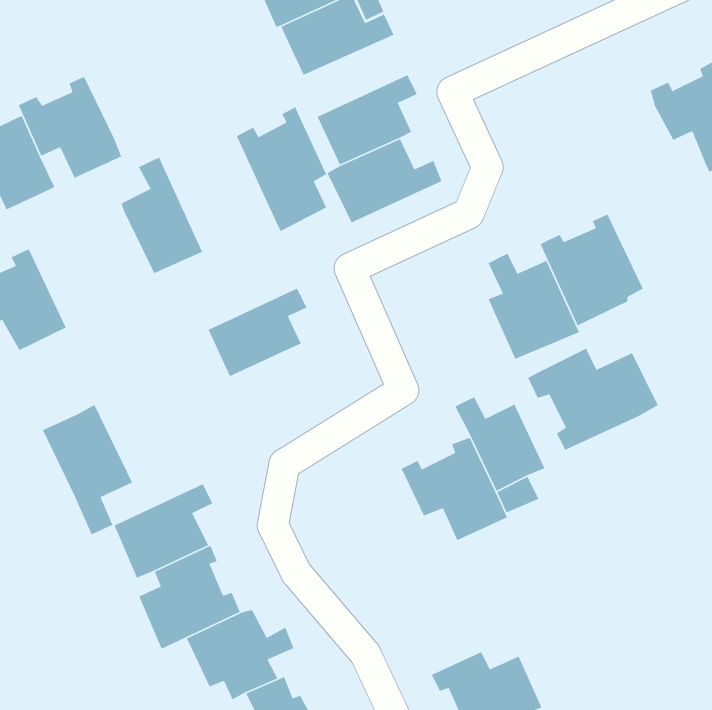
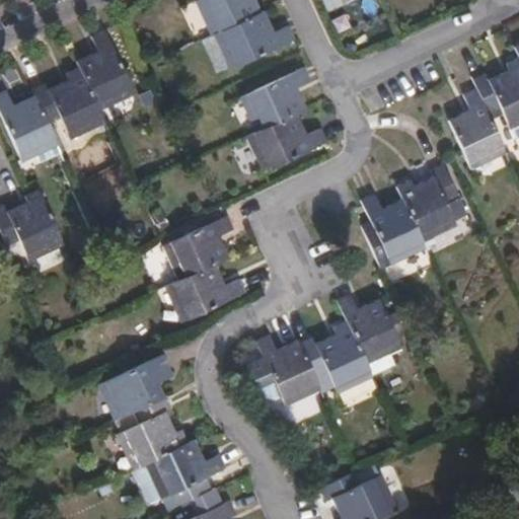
building: [236,106,327,232] -> none
building: none -> [449,90,508,170]
building: [120,157,203,274] -> [76,30,134,113]
building: [527,348,659,451] -> none
building: none -> [165,263,246,321]
building: [42,404,133,535] -> none
building: none -> [246,336,320,405]

